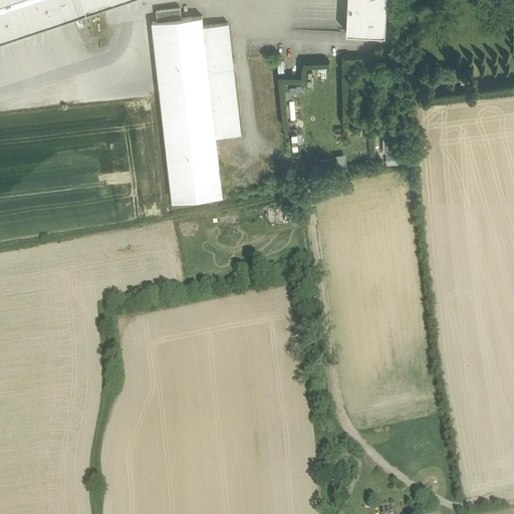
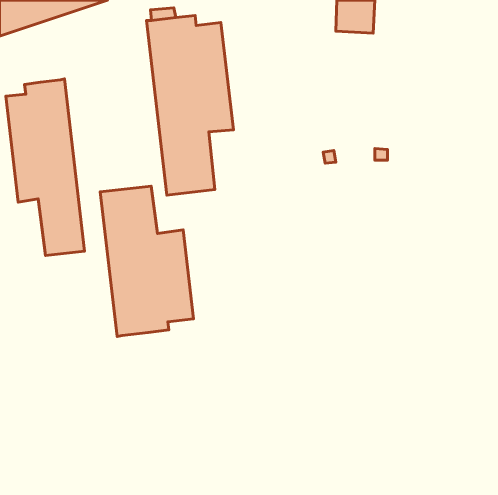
building: none -> [6,79,85,255]
building: none -> [100,186,194,337]

